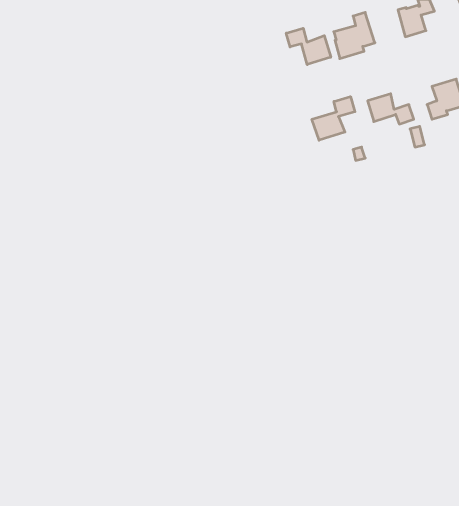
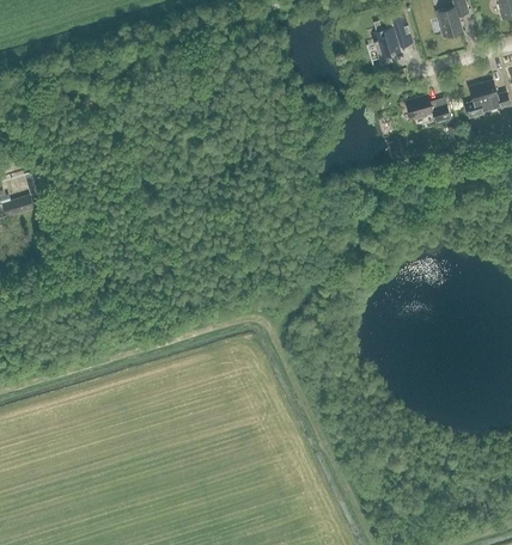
building: [286,28,331,65] -> none
building: [312,97,355,140] -> none

